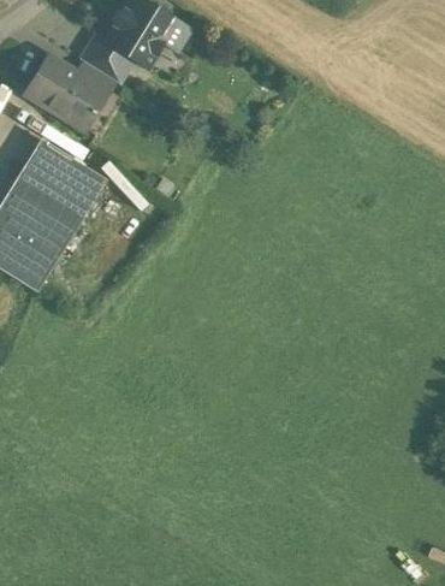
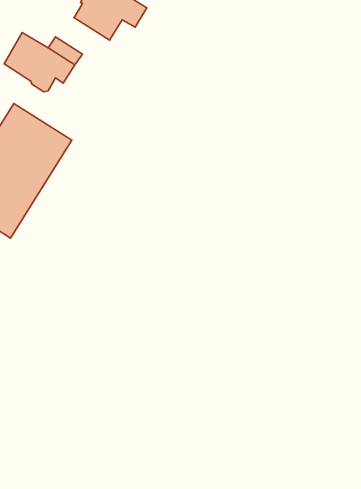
building: [83,35,135,83] -> none

